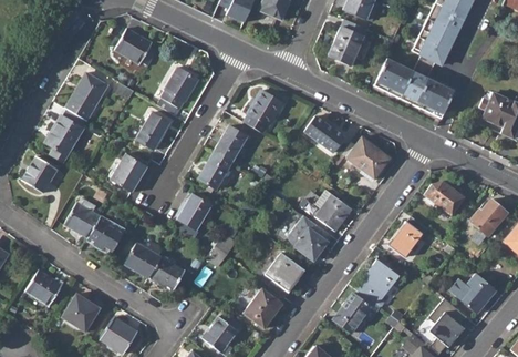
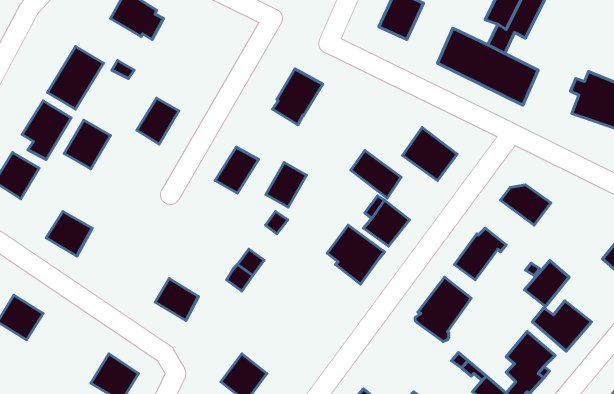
building: [158,67,199,115] -> none
building: [304,115,344,153] -> [351,151,401,198]
building: [215,126,247,162] -> [266,162,306,207]
building: [111,154,147,193] -> [64,120,110,169]
building: [178,194,211,230] -> none
building: [470,198,506,235] -> [525,260,569,307]
building: [87,216,125,254] -> none
building: [125,243,162,277] -> none
building: [265,253,303,290] -> none
building: [244,288,281,326] -> none
building: [334,292,379,330] -> none
building: [62,293,100,330] -> none

